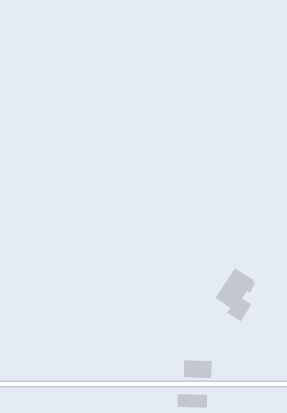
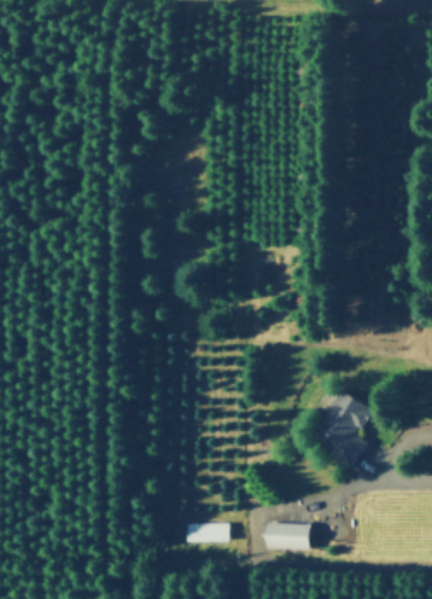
building: [177,394,208,408] -> [187,522,232,542]

